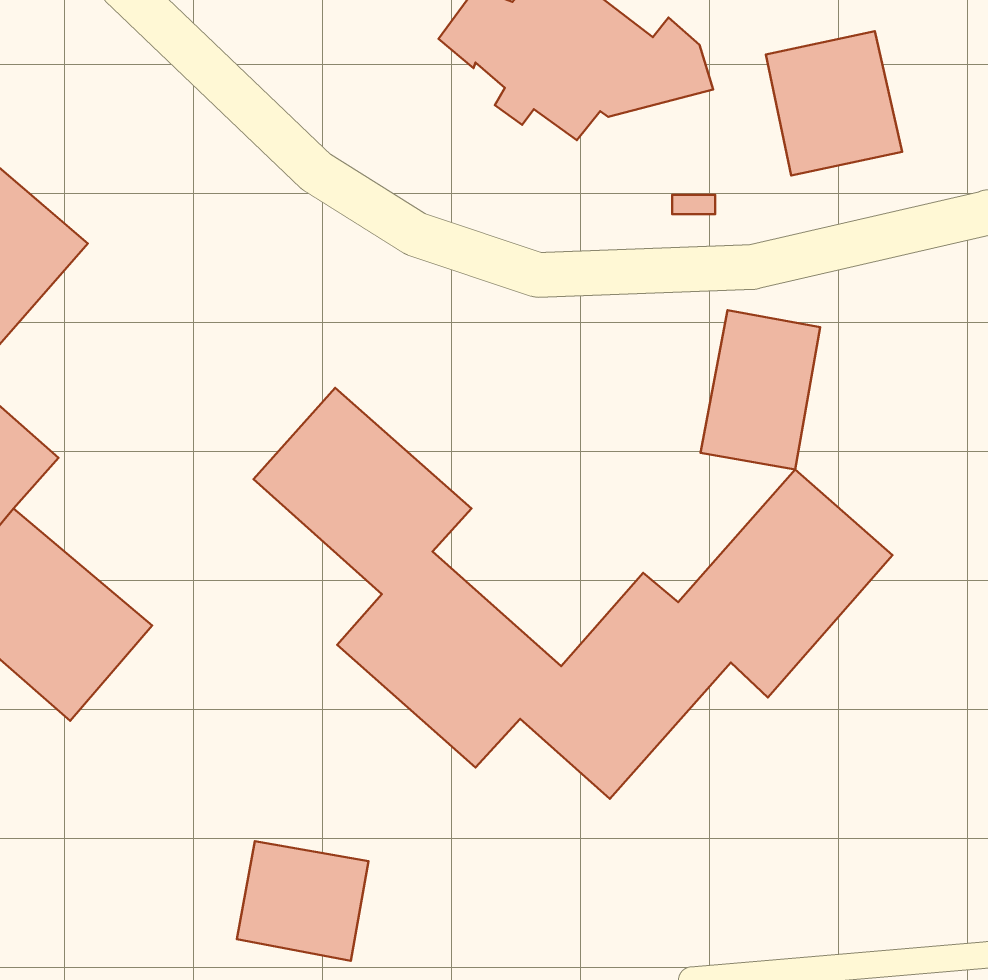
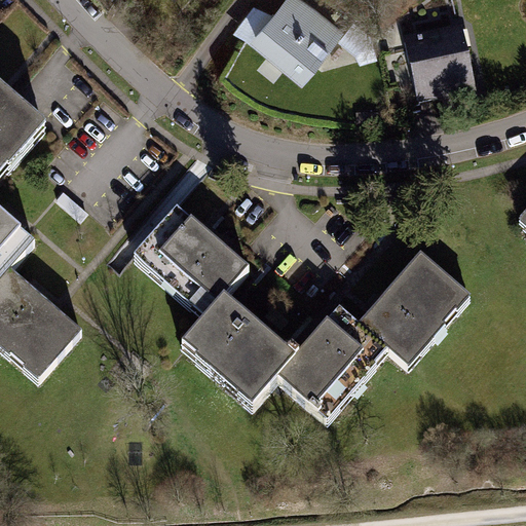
building: [701,310,820,470] -> none
building: [237,841,368,961] -> none

